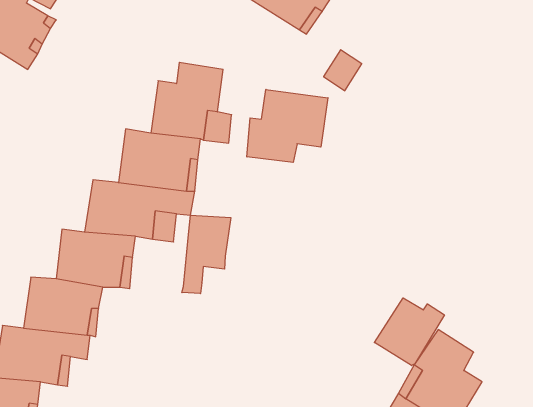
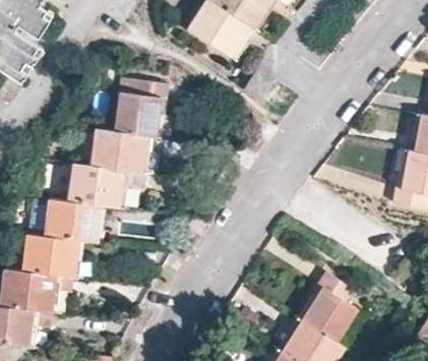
building: [247,89,328,162] -> none
building: [182,215,231,294] -> none
building: [374,298,444,366] -> none

